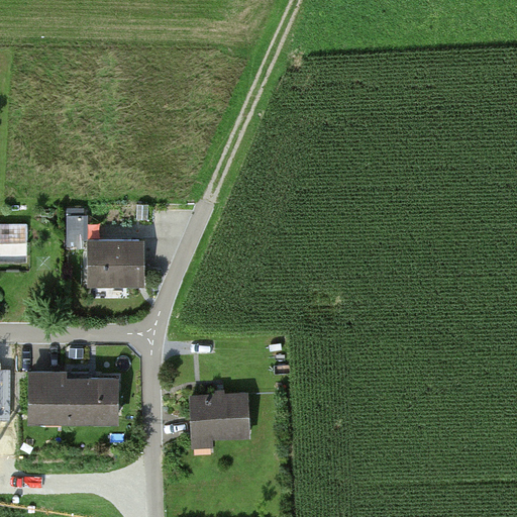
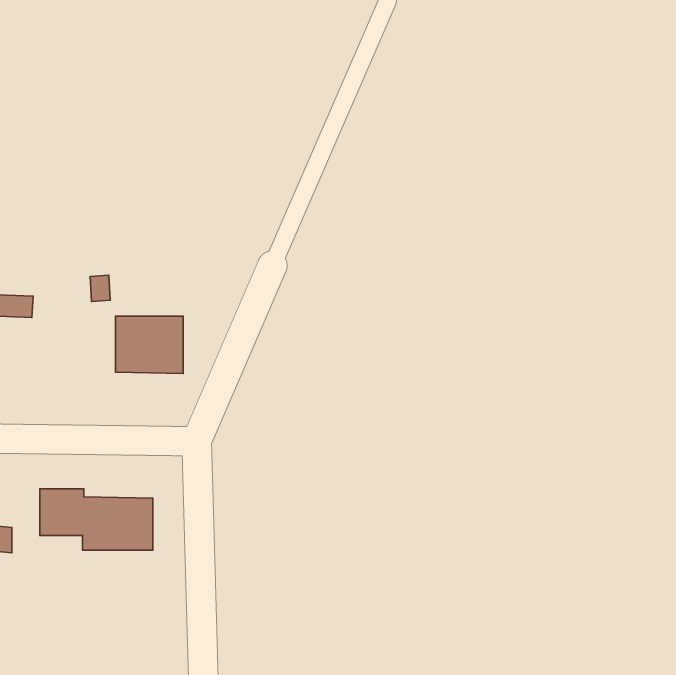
building: [190,394,248,437] -> none

